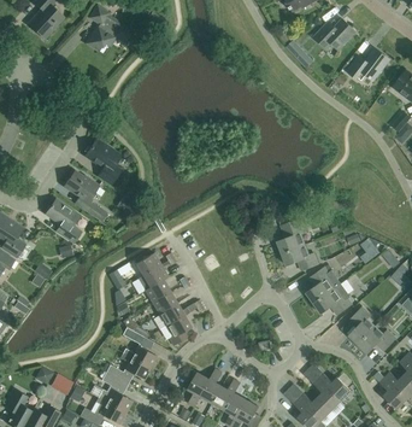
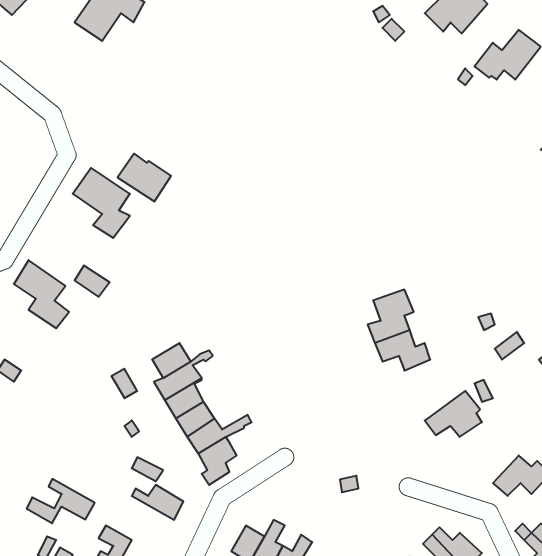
building: [64,170,99,201] -> [118,154,171,201]
building: [307,264,341,303] -> none
building: [349,305,376,344] -> none
building: [106,352,151,381] -> [27,479,95,523]

